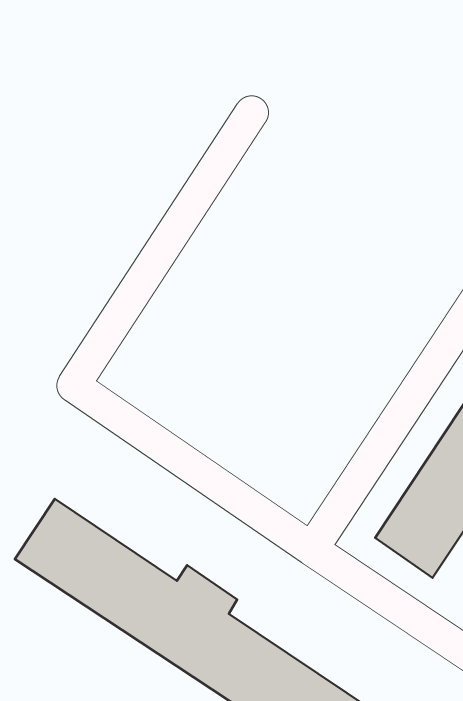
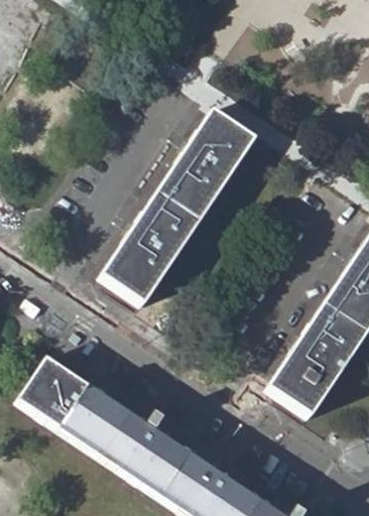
building: none -> [105,106,255,301]

